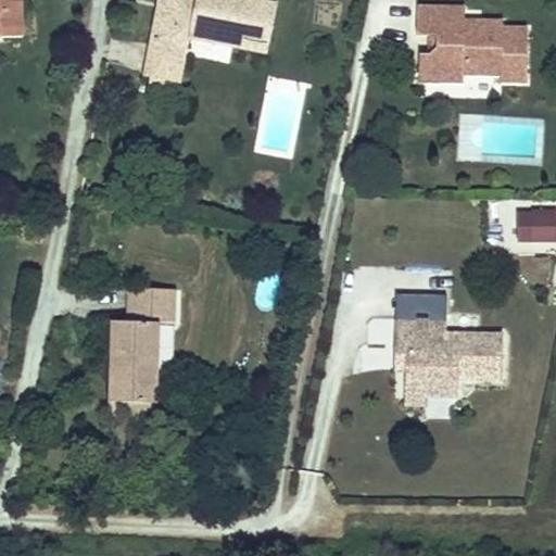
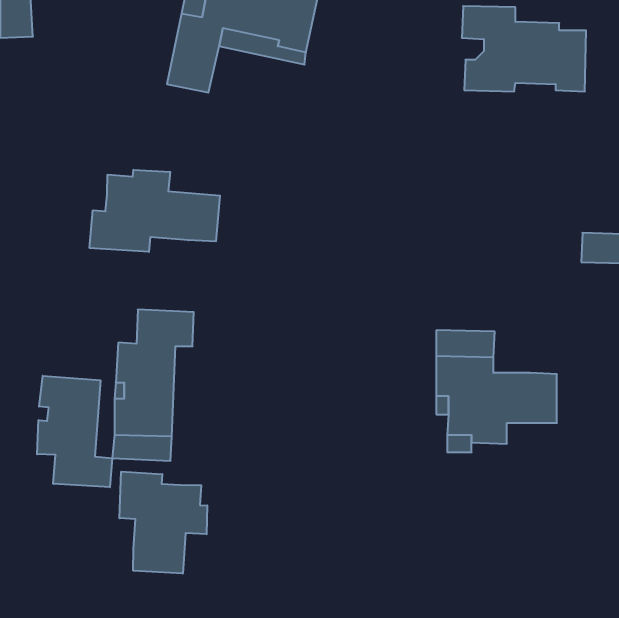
building: none -> [90,170,220,252]
building: none -> [37,376,112,487]
building: none -> [119,472,207,574]

